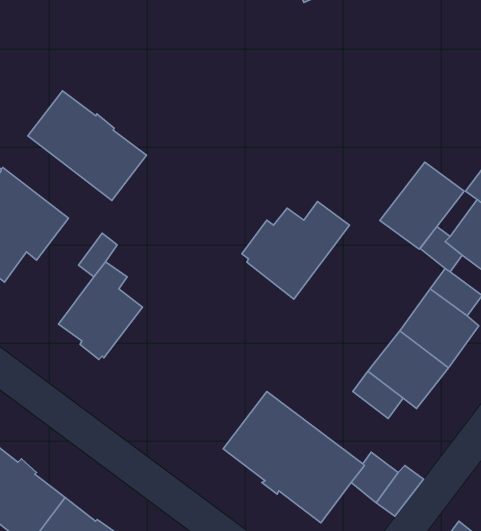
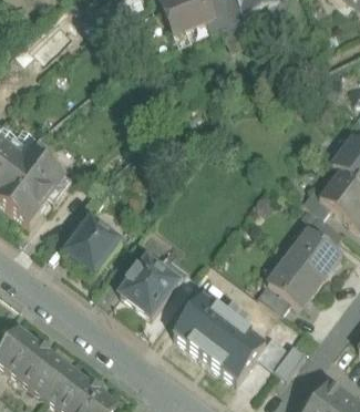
building: [28,91,146,200] -> none
building: [380,162,464,249] -> none
building: [242,202,349,299] -> [115,253,186,317]

